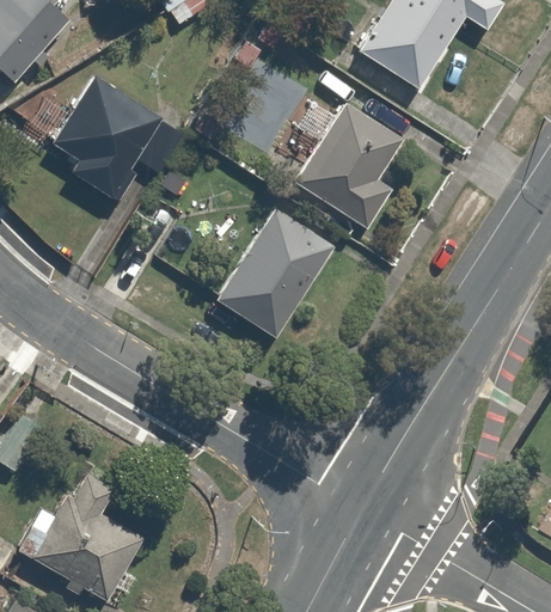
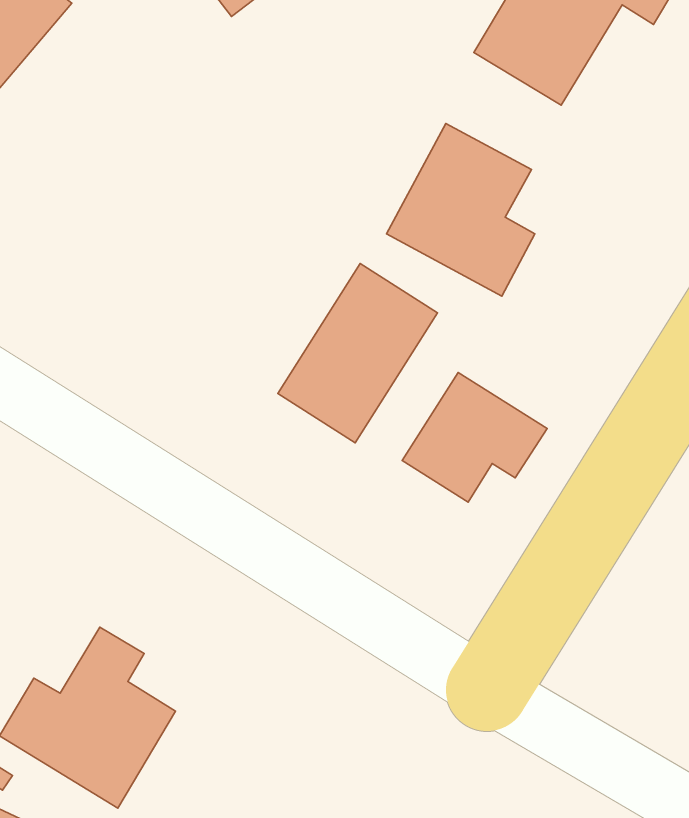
building: [53,79,188,201] -> none
building: none -> [402,373,547,502]

